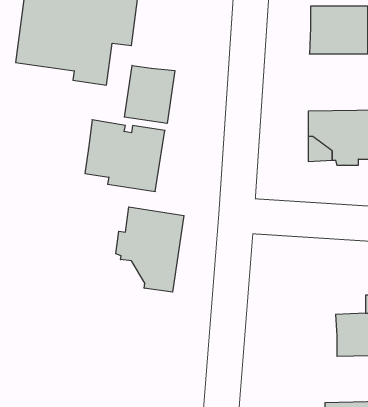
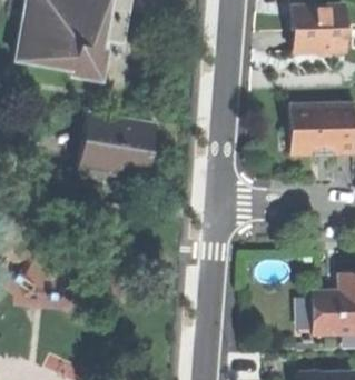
building: [124,65,175,123] -> none
building: [116,207,184,292] -> none

